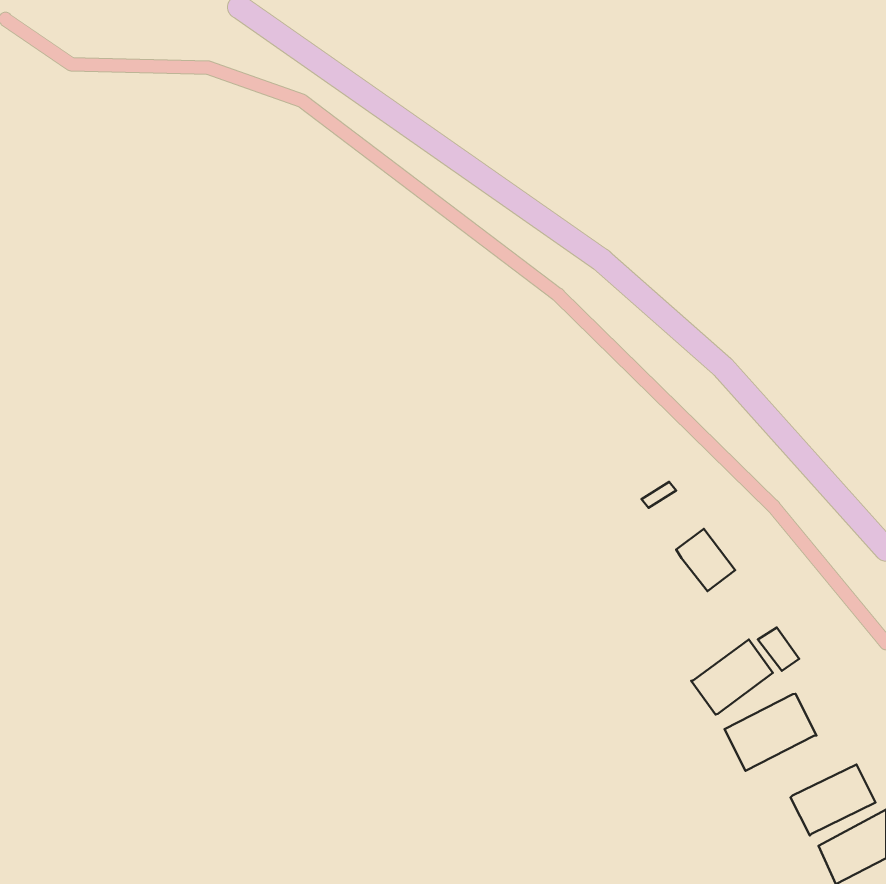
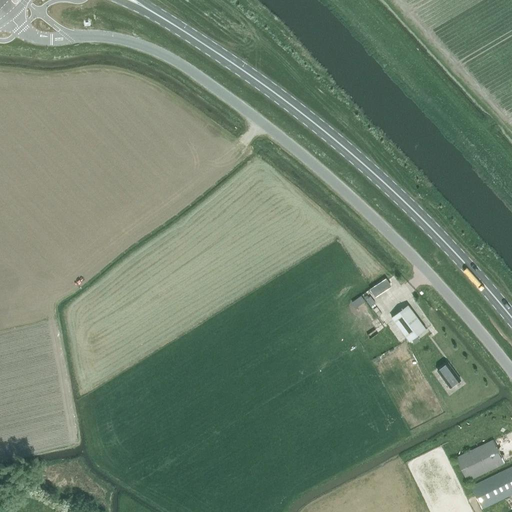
building: [691,639,773,714] -> none
building: [725,694,816,771] -> none

